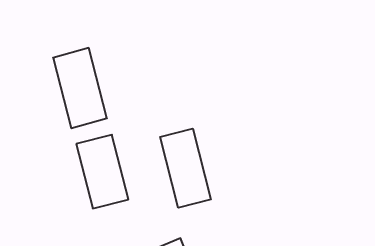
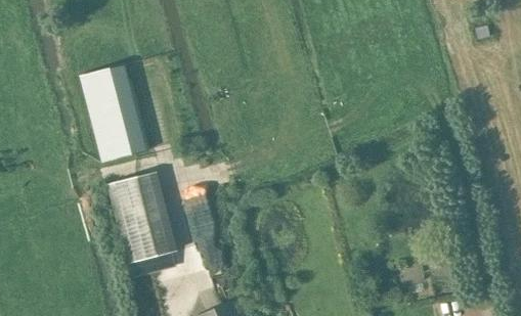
building: [160,129,211,208] -> none

